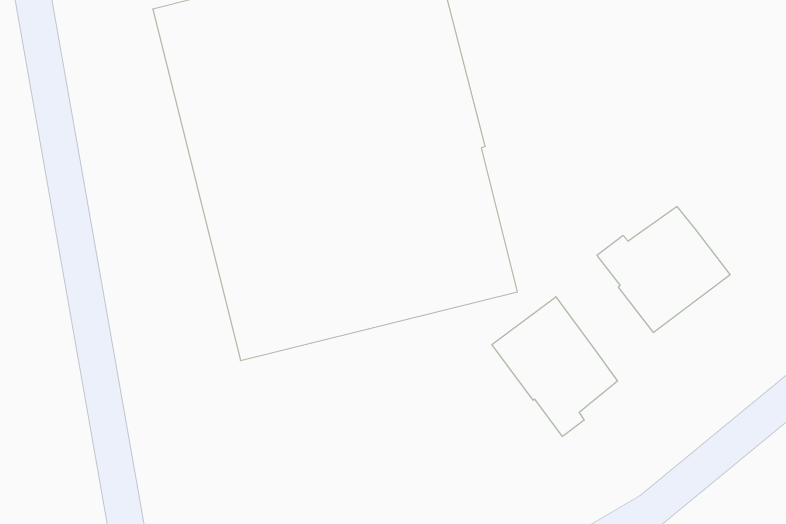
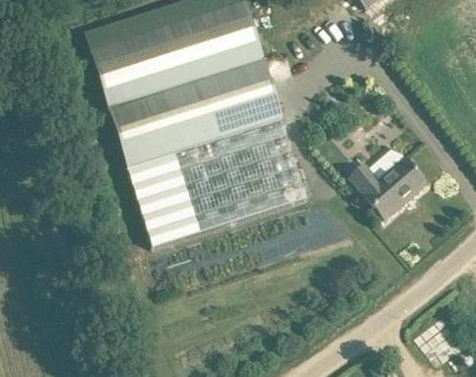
building: [492,297,617,436] -> none

